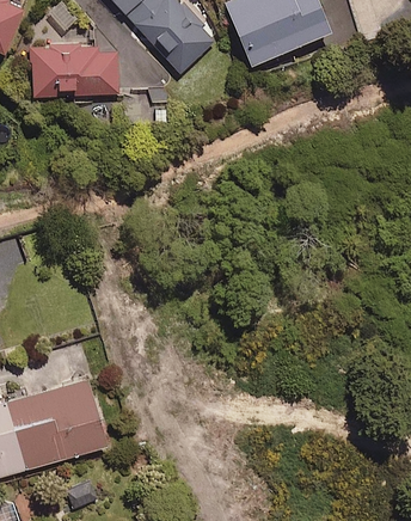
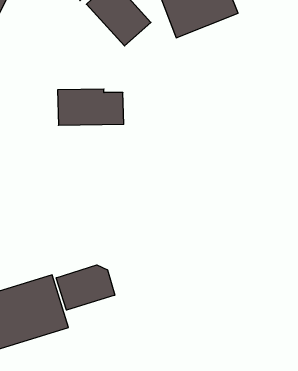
building: [31,47,118,94] -> [58,89,124,125]
building: none -> [56,265,115,310]

